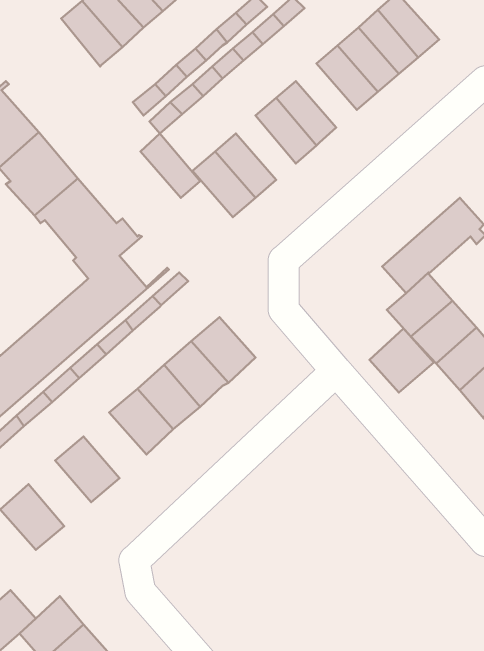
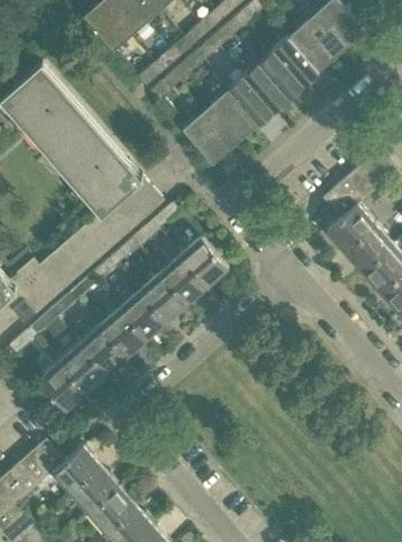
building: none -> [258,49,303,97]
building: [140,134,200,198] -> [213,88,258,136]
building: [370,329,434,393] -> none
building: none -> [100,309,147,358]
building: none -> [59,344,105,393]

